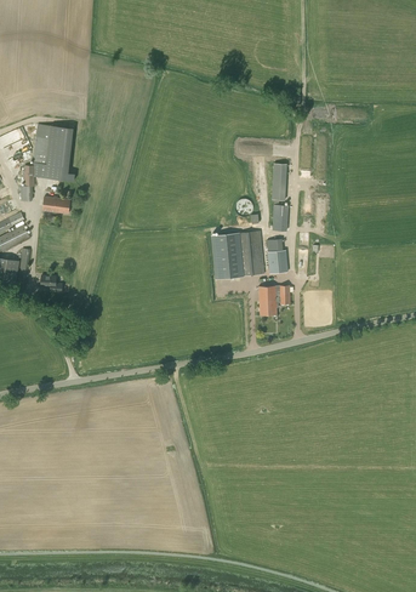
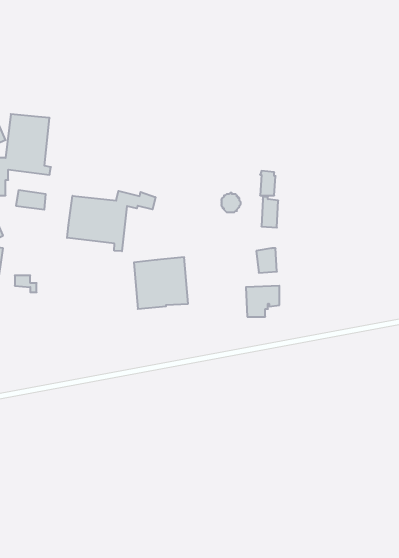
building: none -> [67,191,155,251]
building: [212,229,263,278] -> [134,257,188,309]

